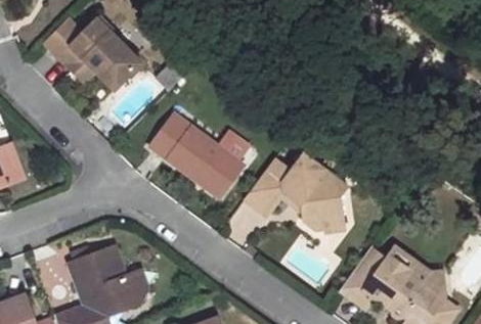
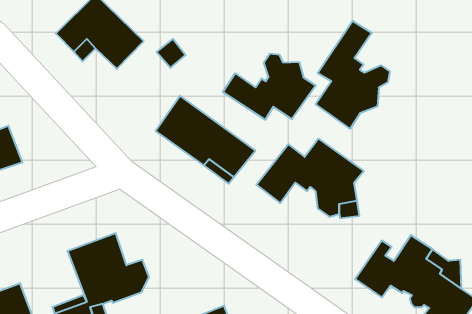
building: none -> [316,21,390,129]
building: none -> [223,54,316,120]

